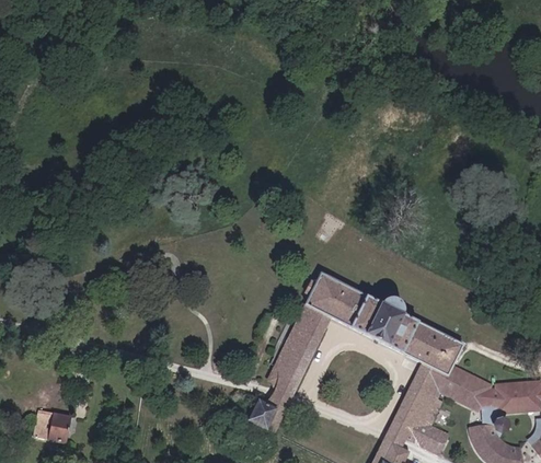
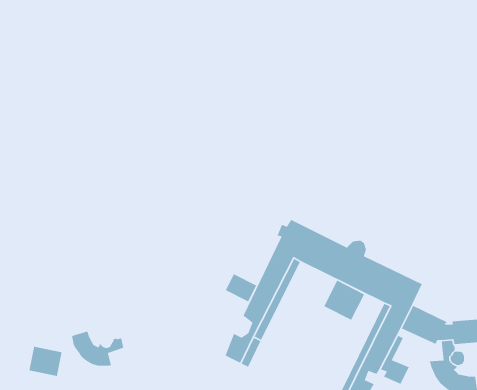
building: none -> [225,273,257,302]
building: none -> [323,280,365,321]
building: none -> [71,331,124,367]

